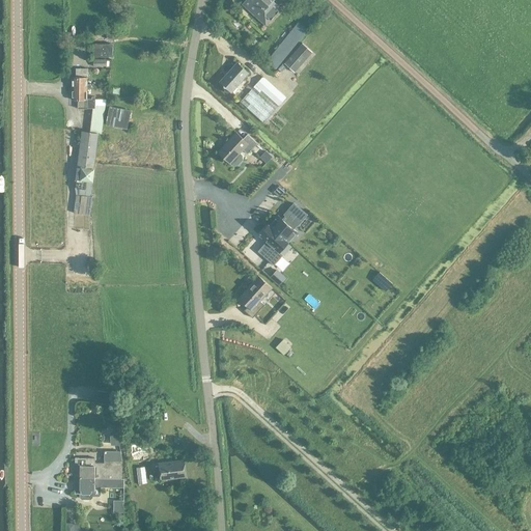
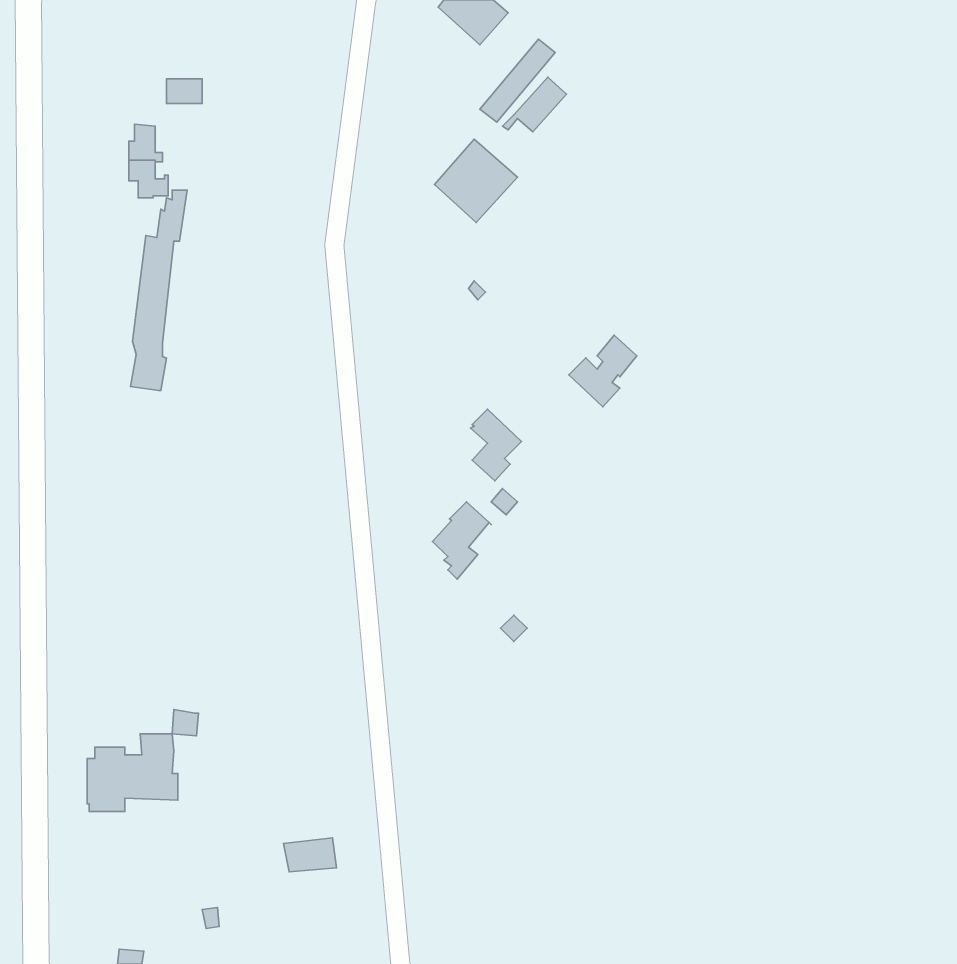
building: [219,62,248,92] -> none
building: [105,106,130,130] -> none
building: [217,133,257,166] -> none
building: [269,203,306,243] -> [569,335,637,407]
building: [74,451,123,494] -> [87,734,178,811]

